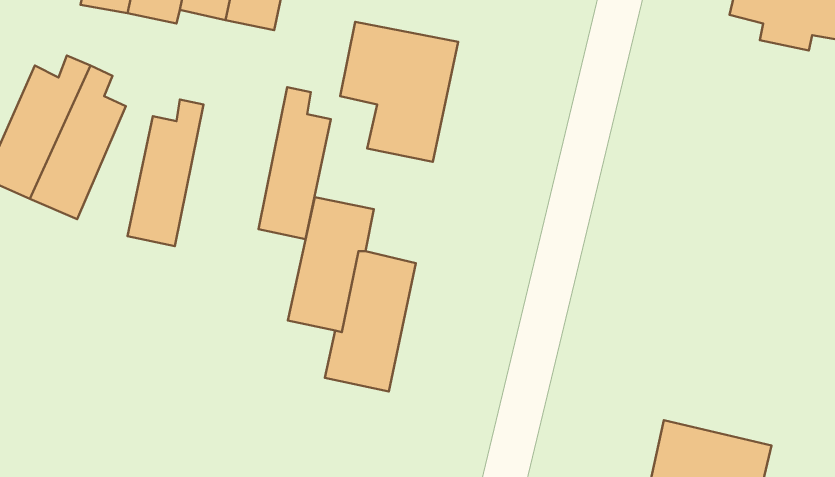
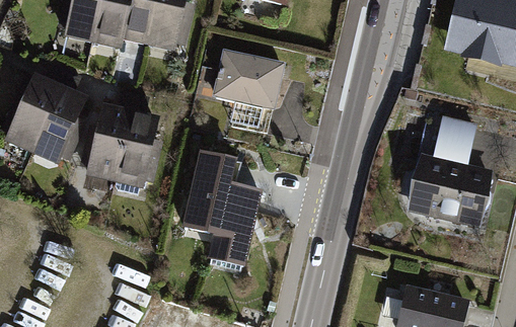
building: [258,87,331,239] -> [116,96,159,187]
building: none -> [406,121,493,231]

